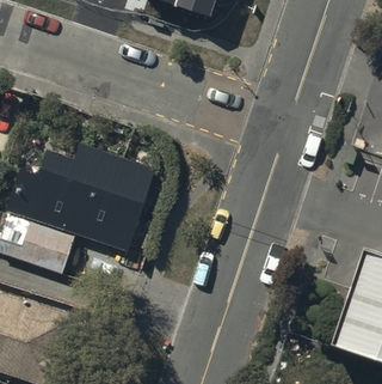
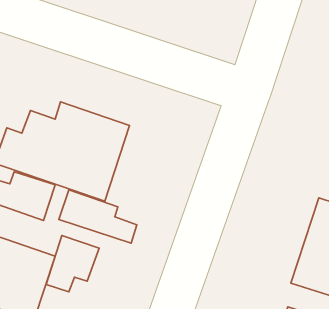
building: none -> [59,190,137,243]
building: none -> [46,236,99,292]

